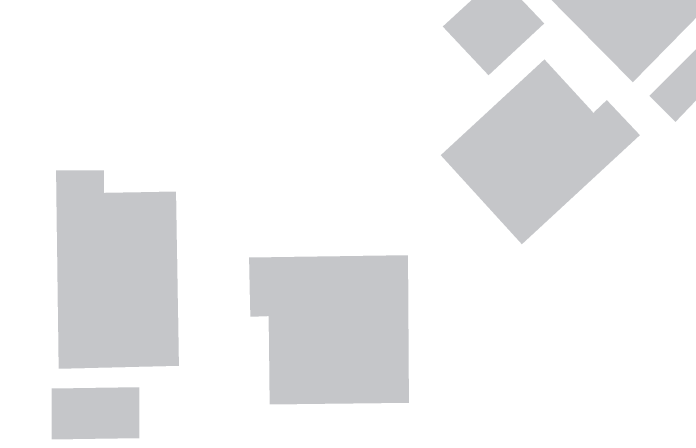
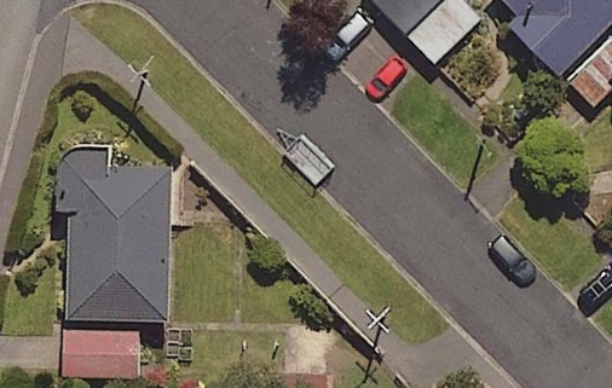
building: [440,59,641,245] -> none
building: [248,254,410,405] -> none

